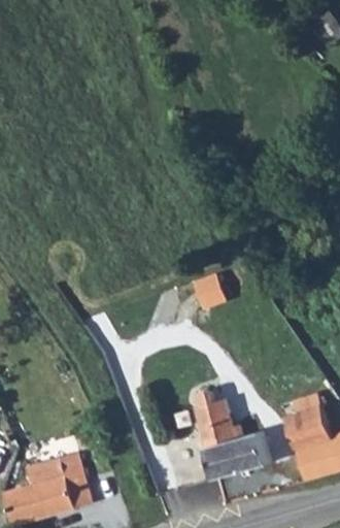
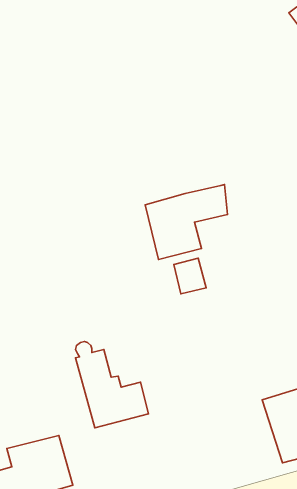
building: none -> [145,185,227,259]
building: [195,390,269,477] -> [75,341,149,428]

